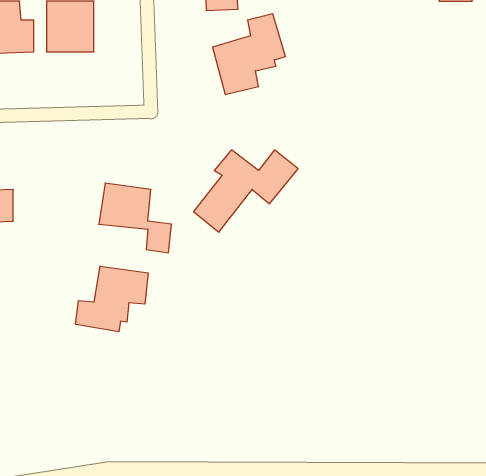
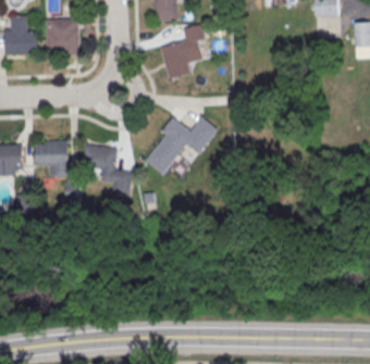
building: none -> [37,145,70,167]
building: [75,266,148,332] -> none

